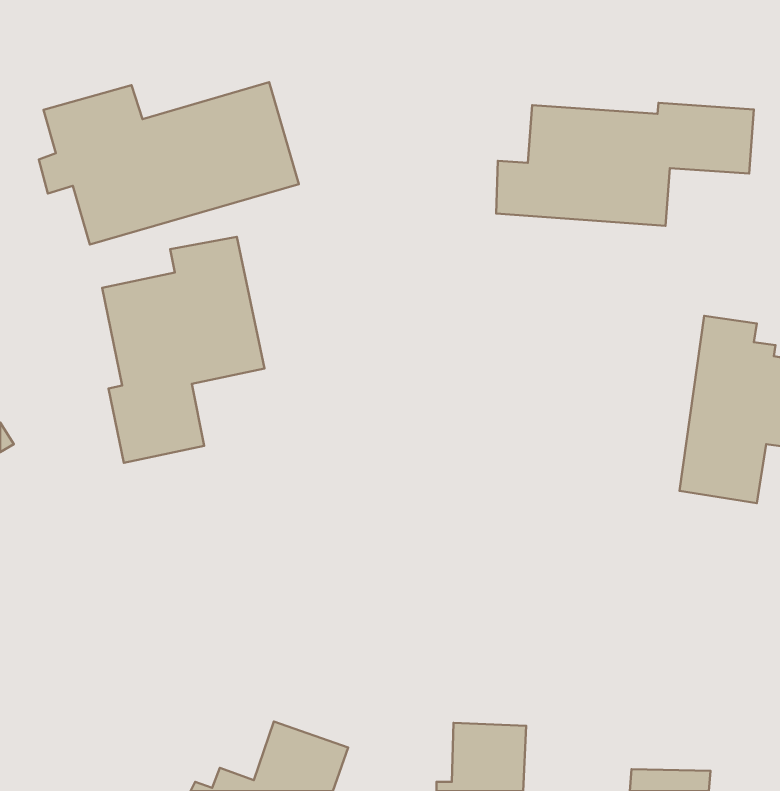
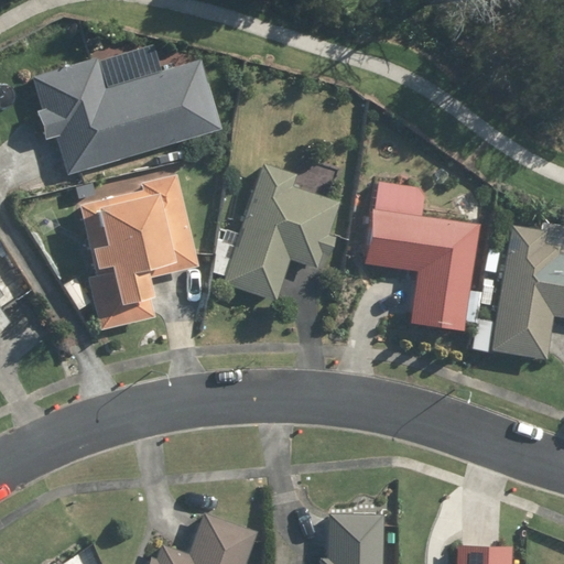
building: [496,103,754,226] -> none
building: none -> [224,165,339,302]
building: none -> [361,178,479,329]

